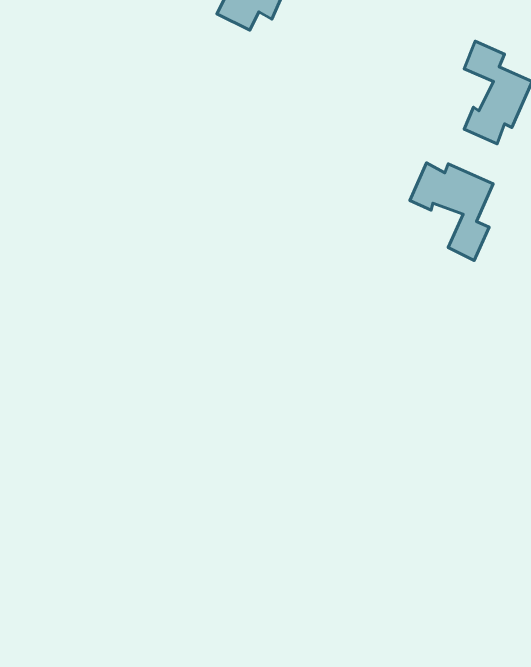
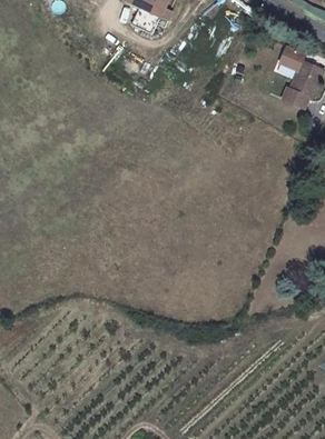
building: [410,163,493,260] -> none

